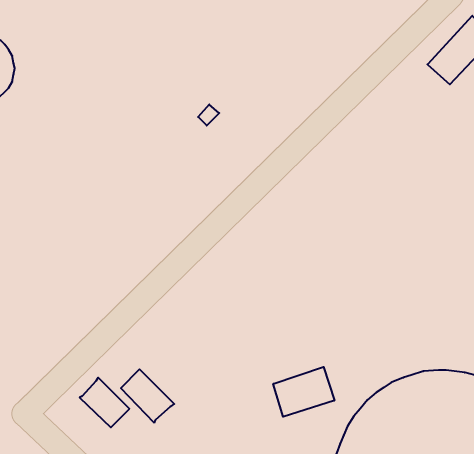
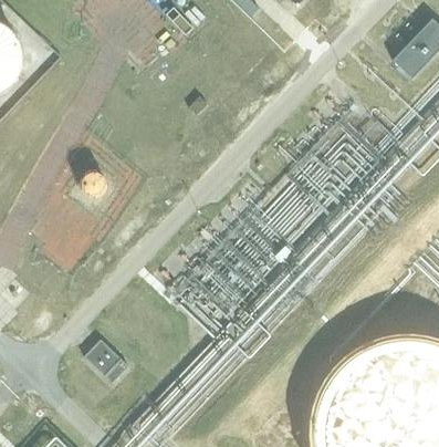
building: [273,367,334,417] -> none
building: [121,369,174,423] -> none

